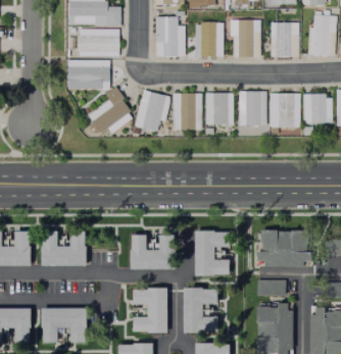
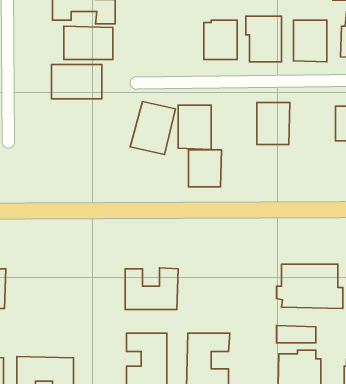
building: [156,21,186,60] -> none
building: [89,91,134,137] -> none
building: [208,97,236,128] -> [188,150,222,187]
building: [273,97,301,131] -> none
building: [41,229,85,263] -> none
building: [193,229,230,272] -> none

